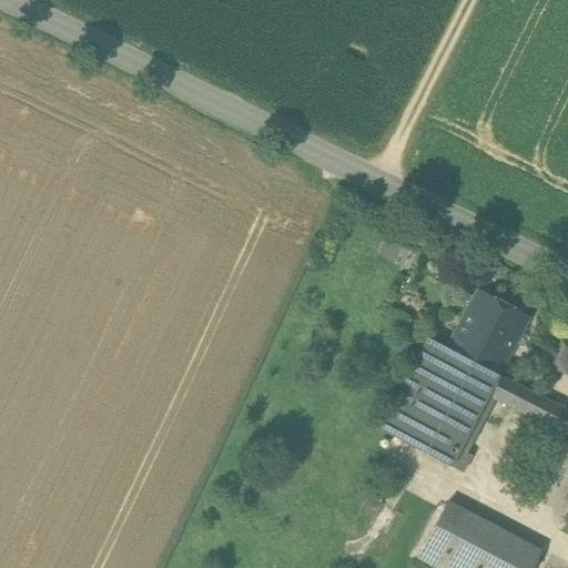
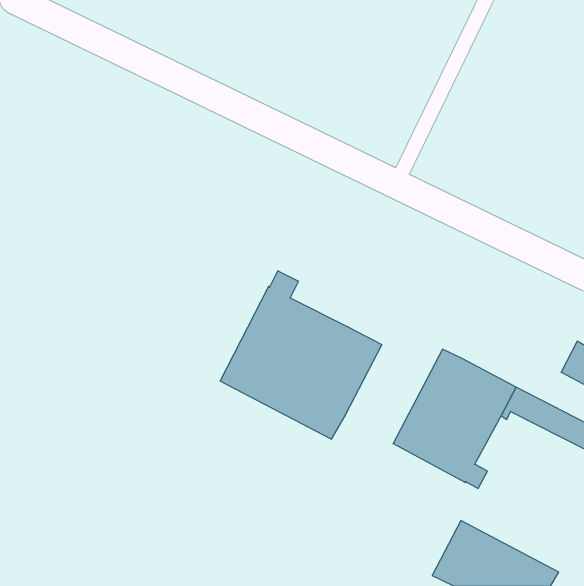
building: none -> [220,271,382,439]
building: [449,287,532,374] -> none

